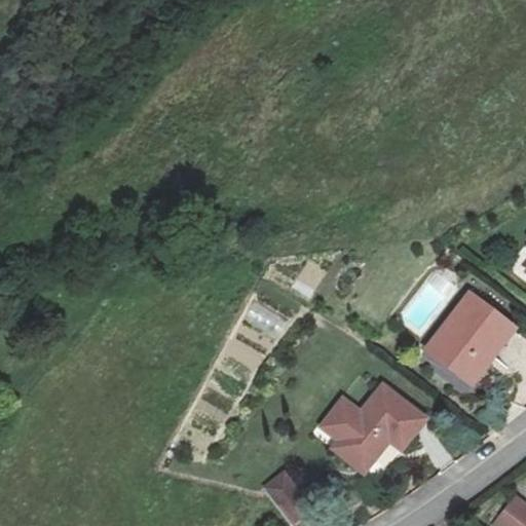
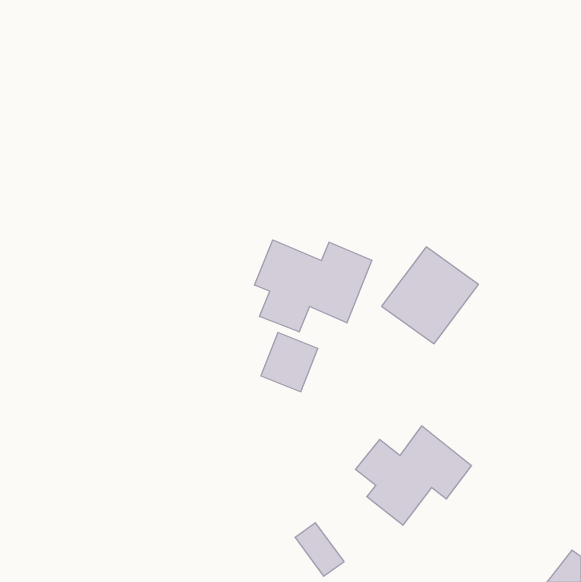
building: none -> [255,240,372,332]
building: [426,294,514,381] -> [382,247,478,344]

